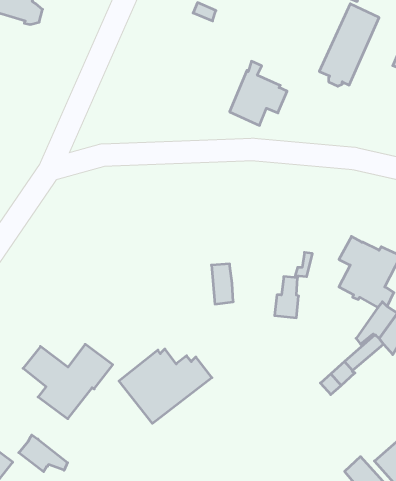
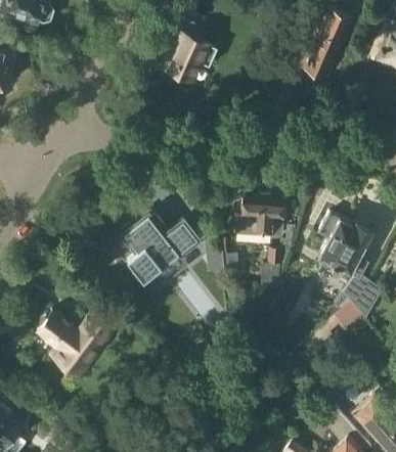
building: [230,61,287,125] -> [166,24,217,81]
building: none -> [232,196,283,240]
building: [119,349,212,423] -> [114,215,196,281]
building: [19,435,68,472] -> none

